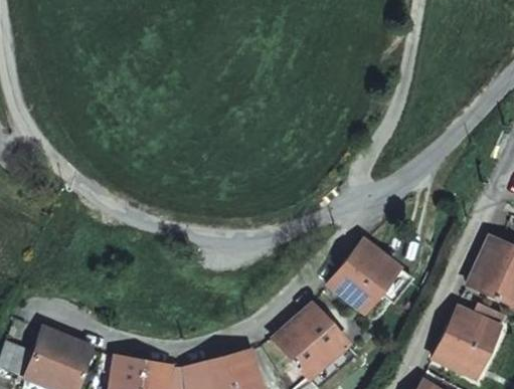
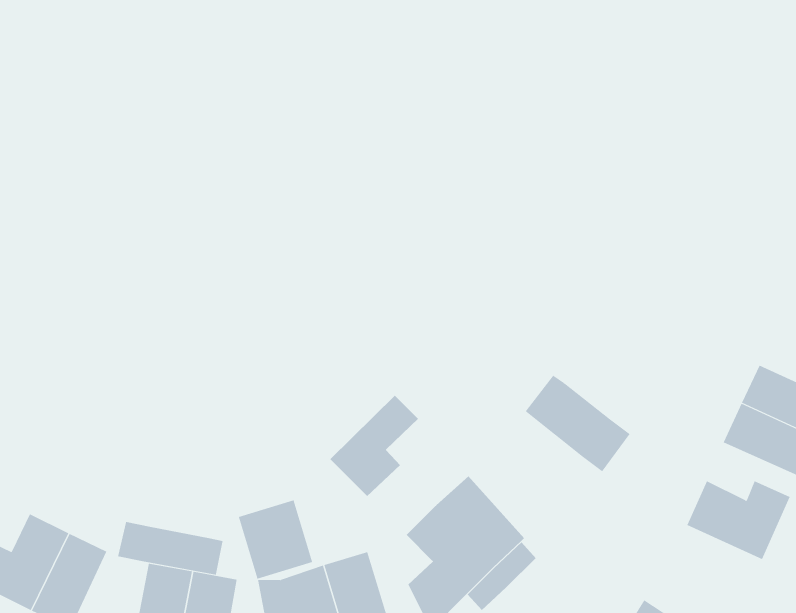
building: none -> [329,395,419,497]
building: [330,262,382,313] -> none
building: none -> [238,499,313,580]
building: none -> [118,521,223,575]
building: [435,332,492,377] -> none

